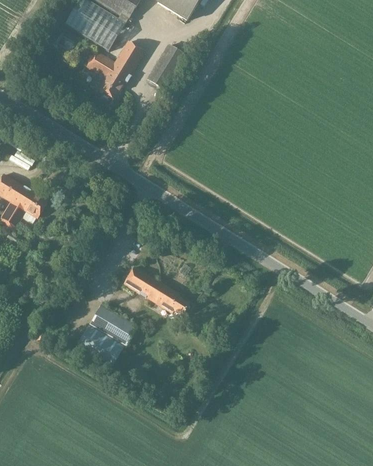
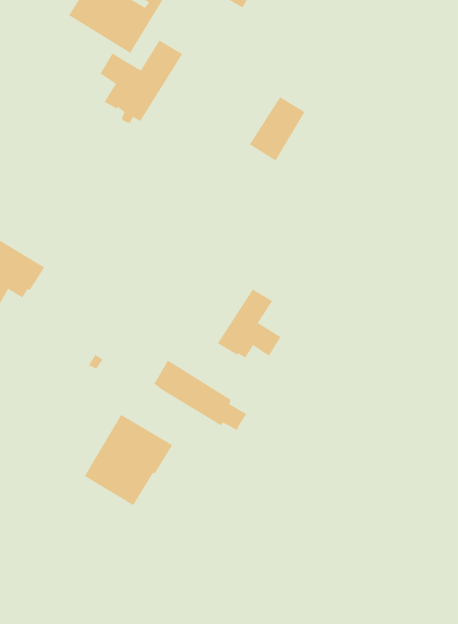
building: [147,43,187,89] -> [249,96,306,162]
building: none -> [217,288,282,358]

